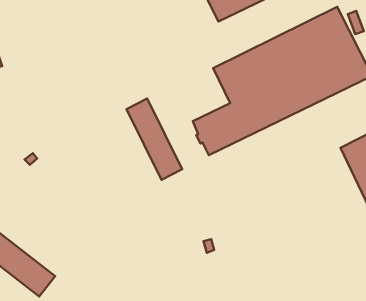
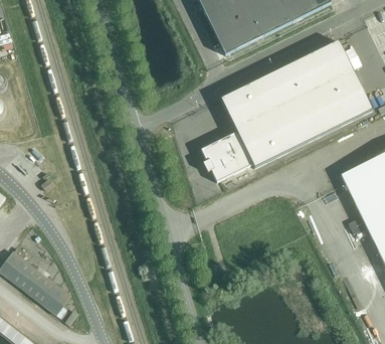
building: [127,99,182,180] -> none

